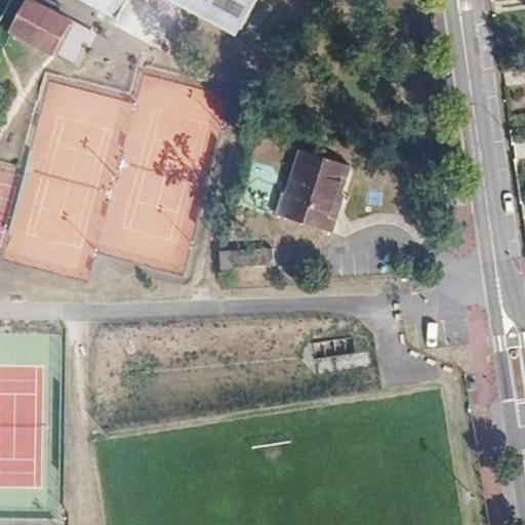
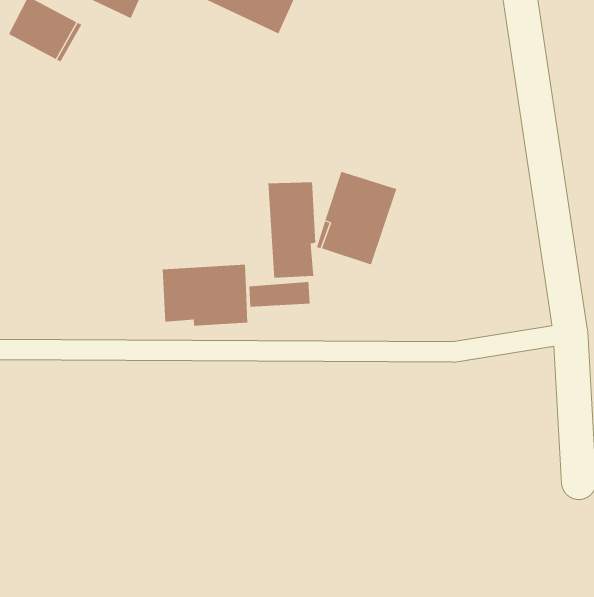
building: none -> [268,182,316,279]
building: none -> [162,264,248,326]

